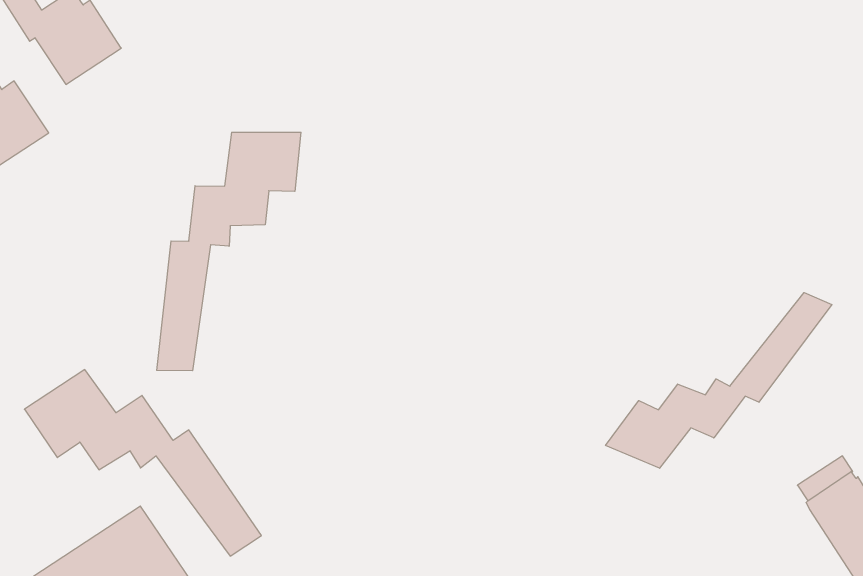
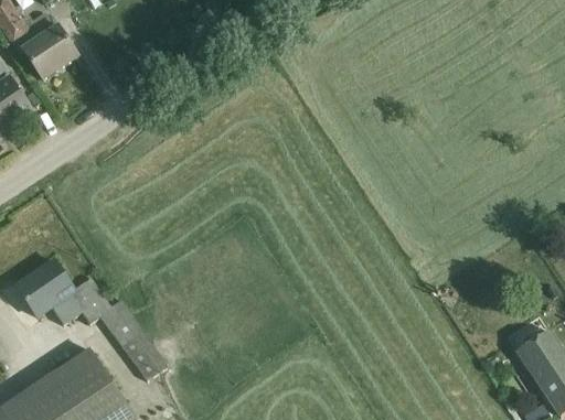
building: [157,132,301,371] -> none
building: [606,293,832,468] -> none

